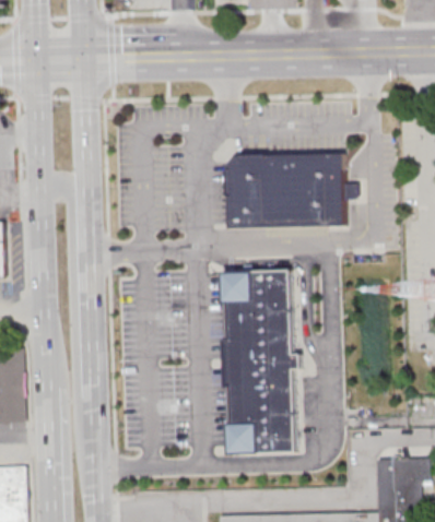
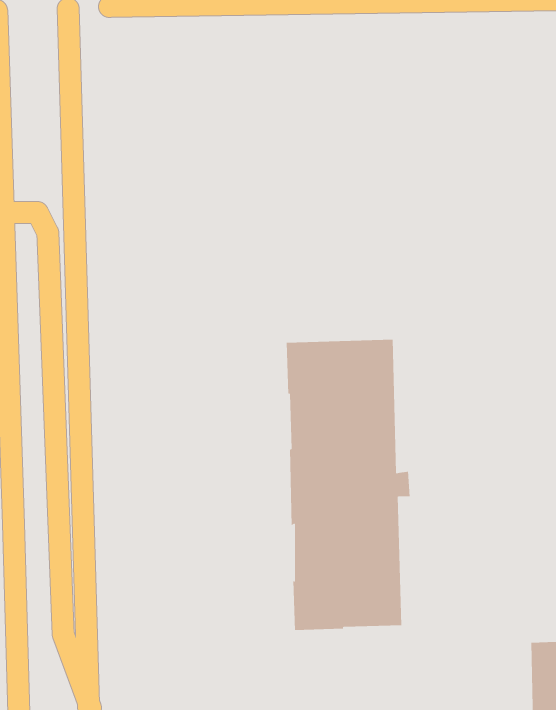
building: [223,153,356,227] -> none

